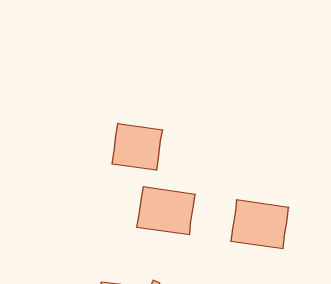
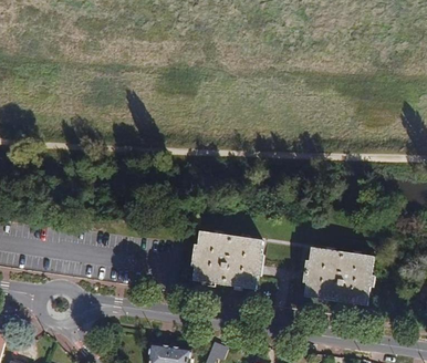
building: [112,123,162,170] -> none

